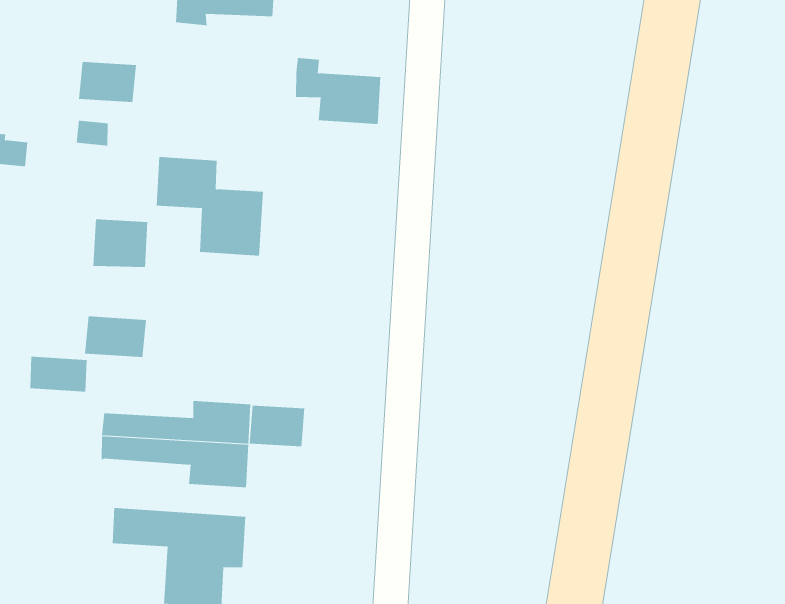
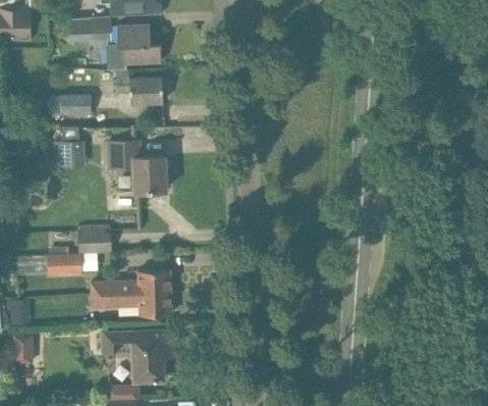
building: [295,57,381,124] -> [116,71,163,104]
building: [92,219,148,268] -> [55,142,85,168]
building: [249,405,305,447] -> none

